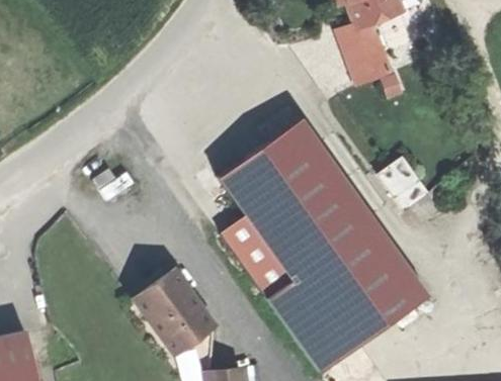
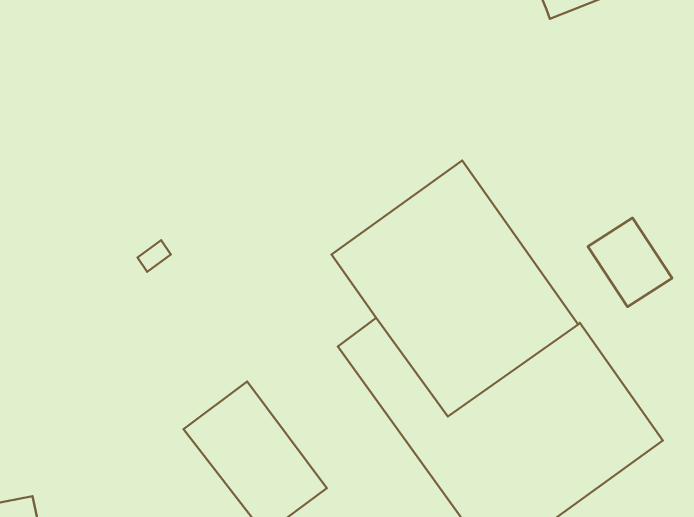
building: [337,22,392,84] -> none

